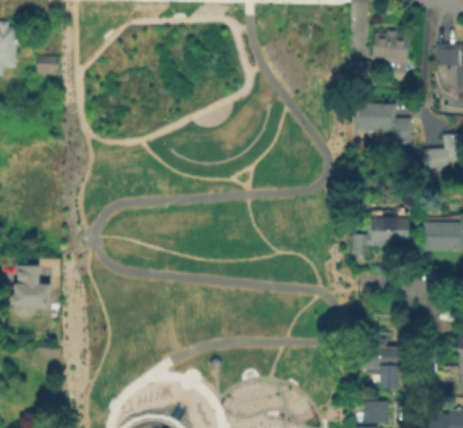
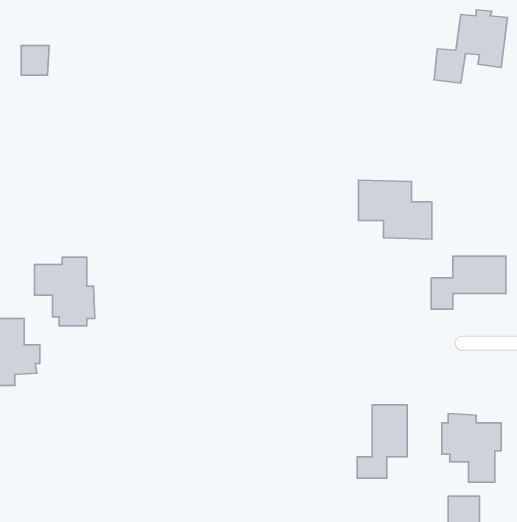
building: [354,100,410,145] -> [359,180,432,239]
building: none -> [35,257,95,326]
building: none -> [357,405,407,478]

